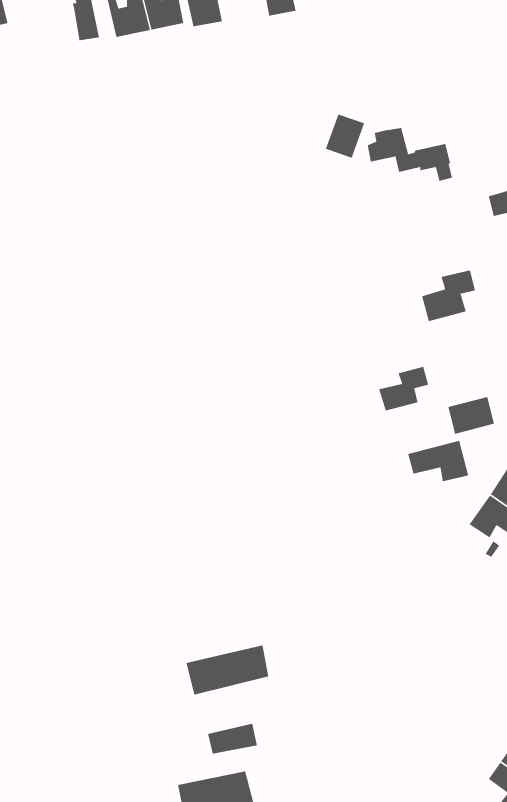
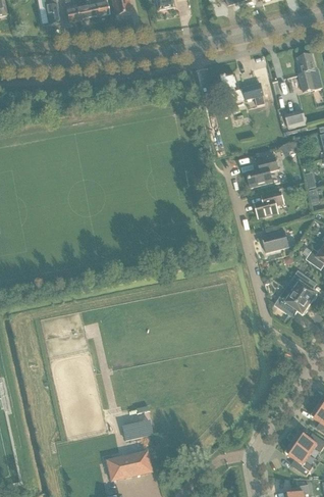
building: [325,113,365,159] -> none
building: [378,366,429,412] -> [255,192,284,218]
building: [407,440,469,482] -> none
building: [185,644,269,696] -> none

